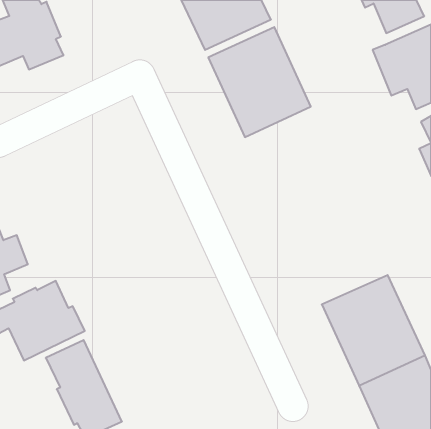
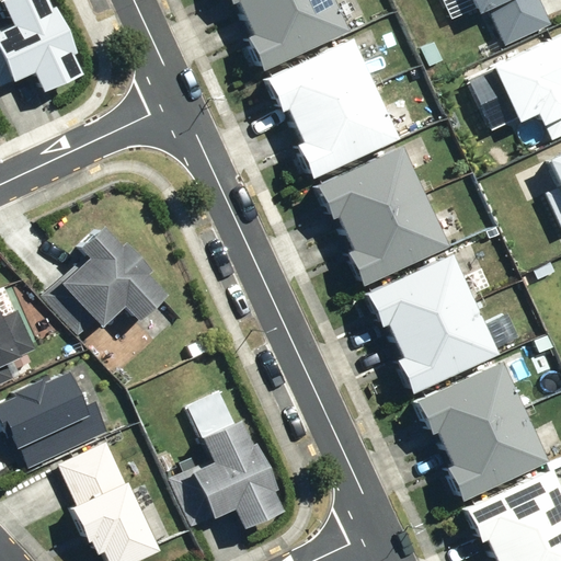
building: none -> [317,142,449,285]
building: none -> [38,226,169,340]
building: none -> [366,250,499,391]
building: none -> [193,420,284,529]

